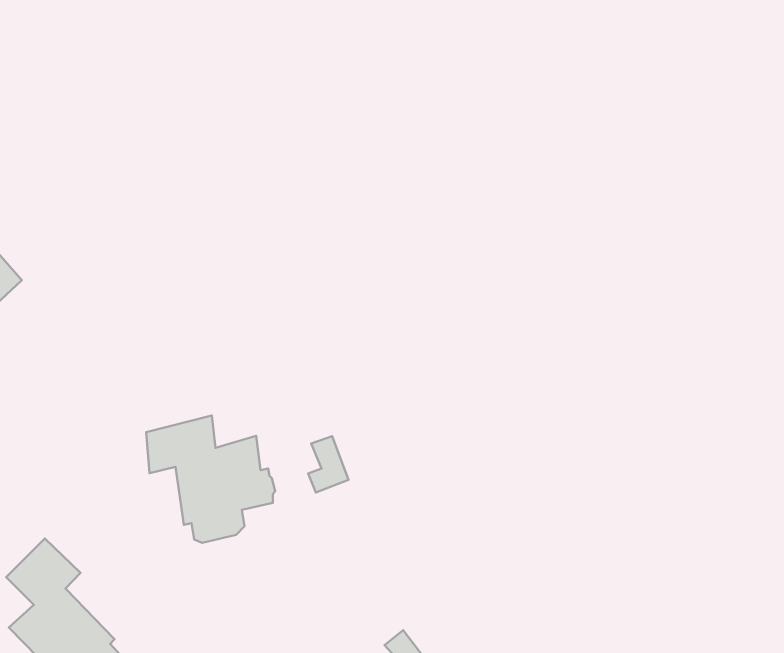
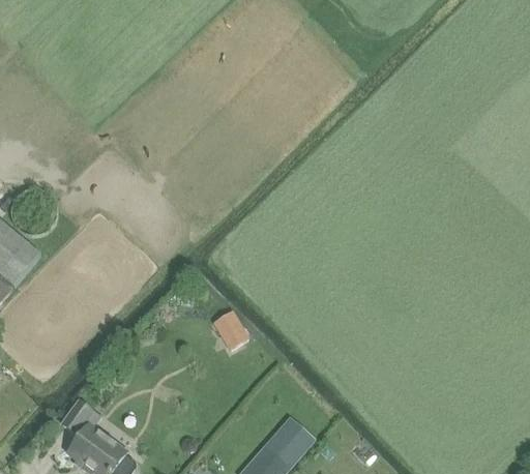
building: [146,415,275,543] -> none

